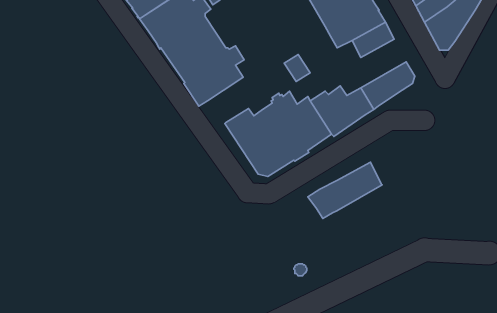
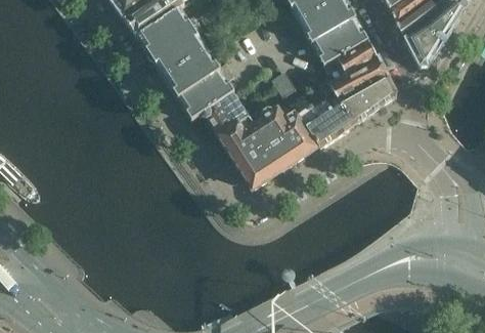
building: none -> [200,93,252,133]
building: [308,162,382,218] -> [317,54,388,108]

